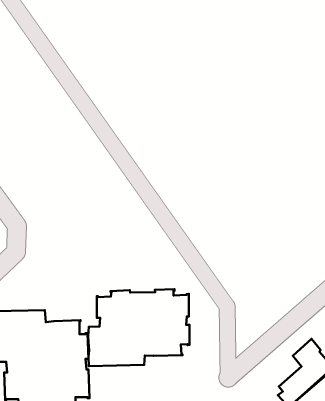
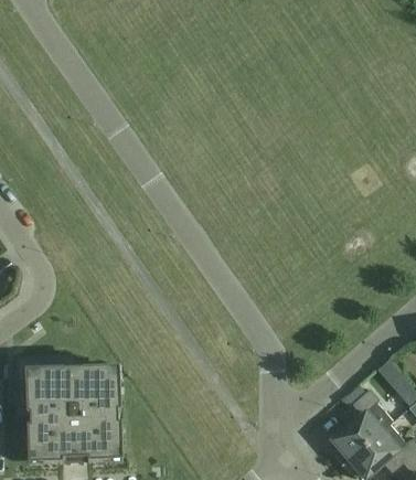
building: [88,289,190,366] -> none

